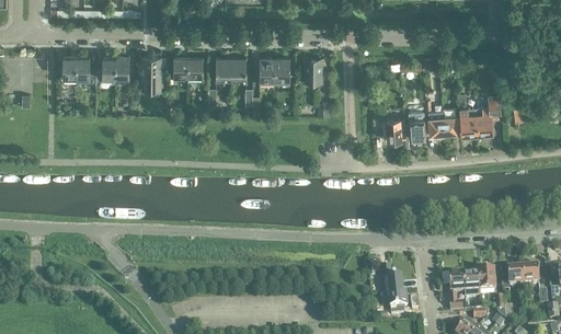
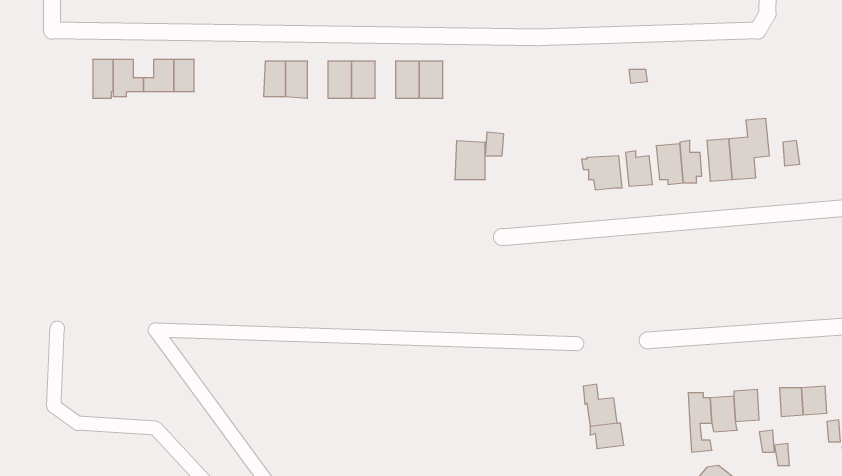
building: [136,57,167,91] -> none
building: [302,58,322,83] -> [455,141,485,180]

